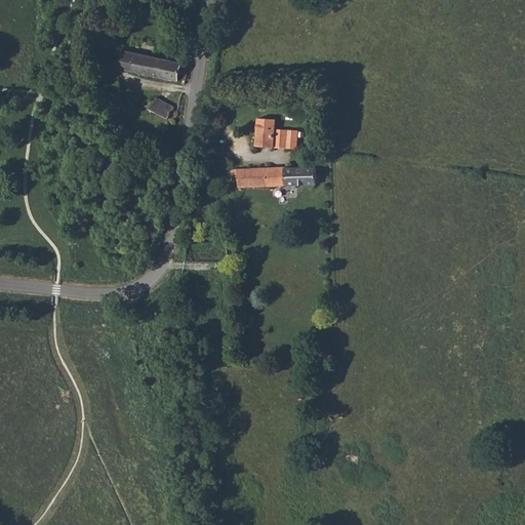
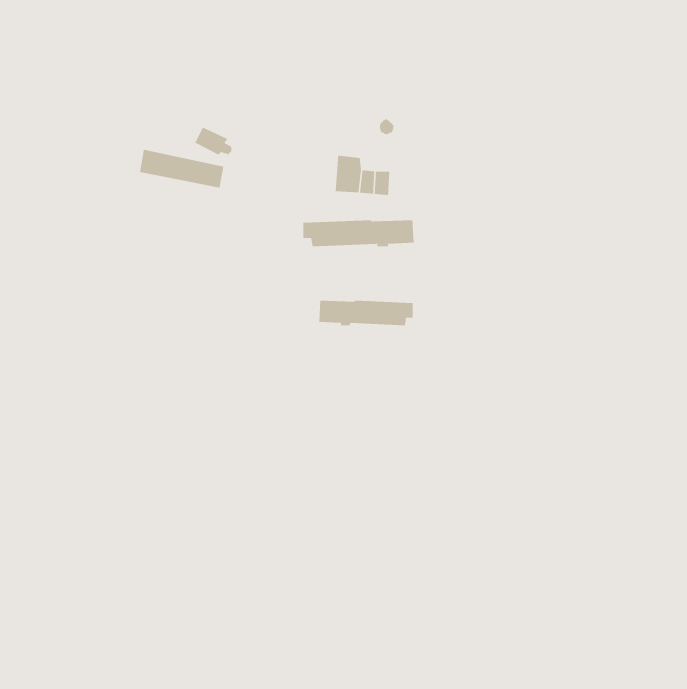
building: [116,50,180,80] -> [139,149,224,188]
building: none -> [319,300,413,326]

